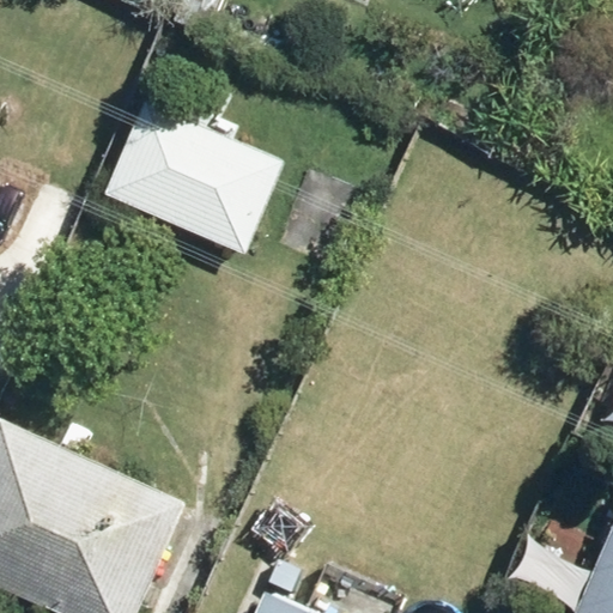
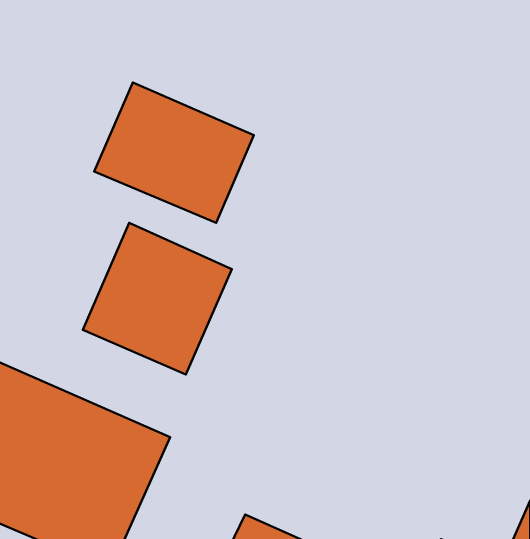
building: none -> [83,223,232,374]

